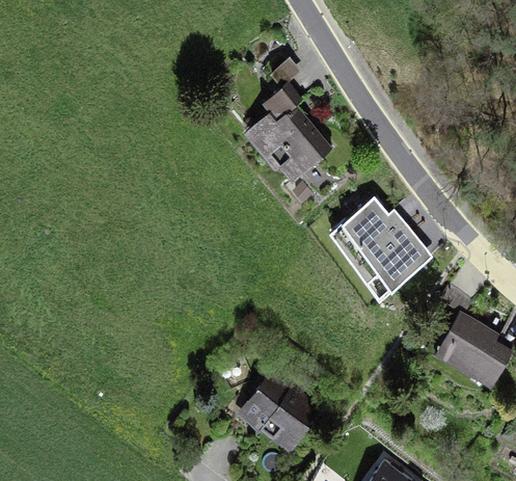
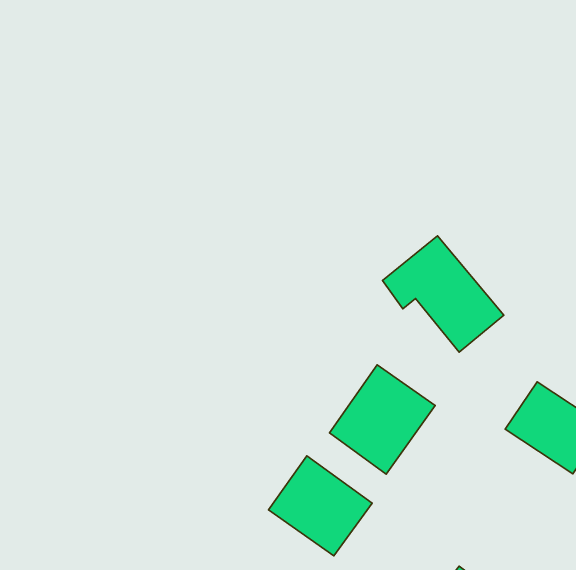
building: [247,81,336,188] -> none
building: none -> [329,365,435,474]

